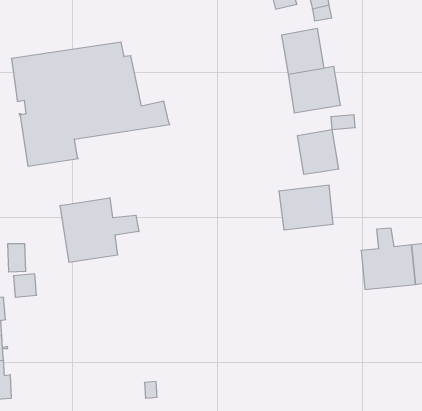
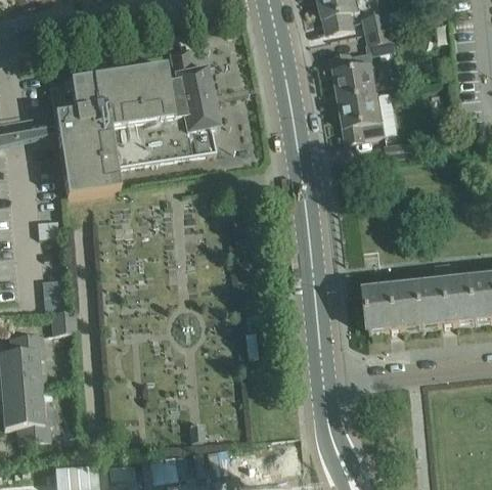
building: none -> [169,46,219,131]
building: [298,129,339,174] -> none
building: [279,185,333,230] -> [364,283,421,330]
building: [60,198,139,262] -> none

